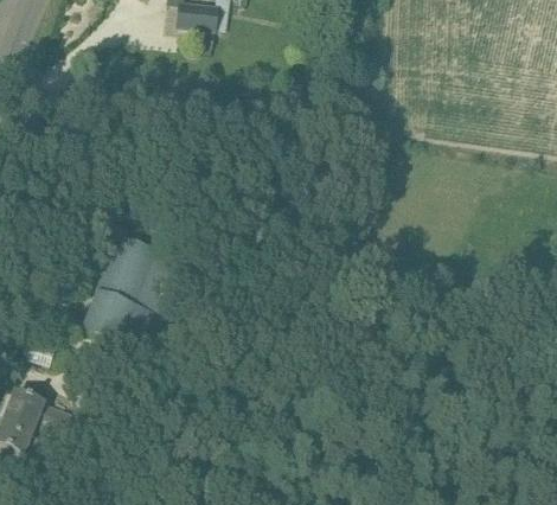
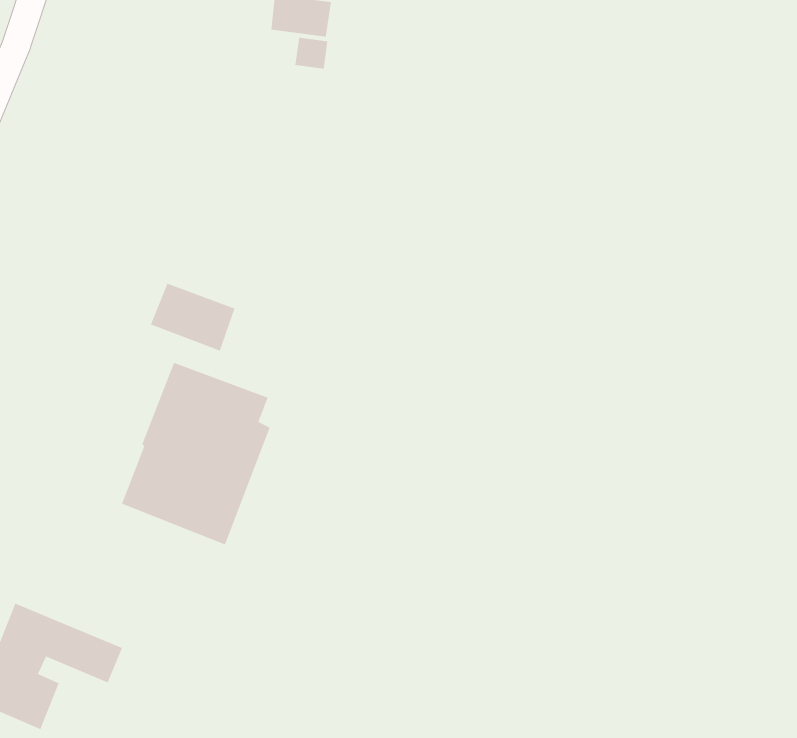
building: none -> [150,283,235,352]

